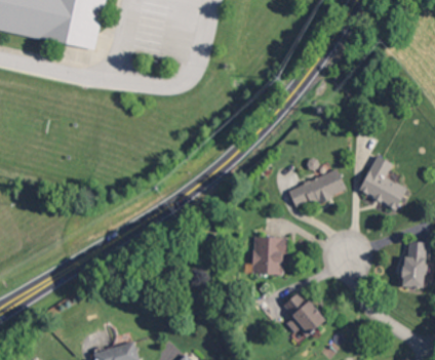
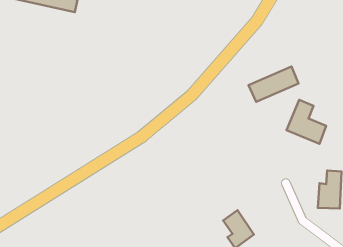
building: [283,168,344,211] -> [249,67,298,102]
building: [247,237,285,275] -> none

